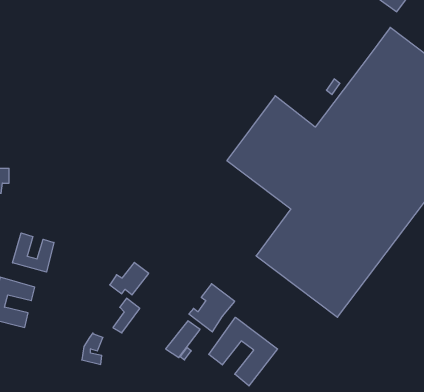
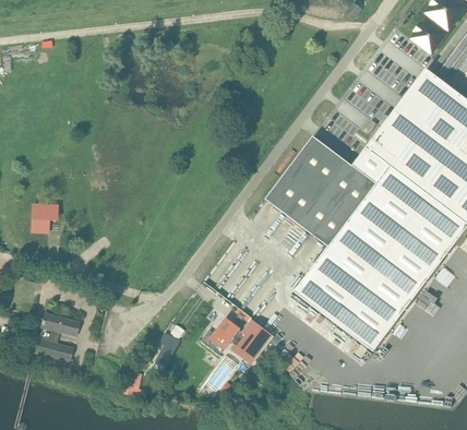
building: [13,233,54,272] -> none
building: [110,262,149,295] -> [202,316,240,348]
building: [209,317,278,386] -> none

